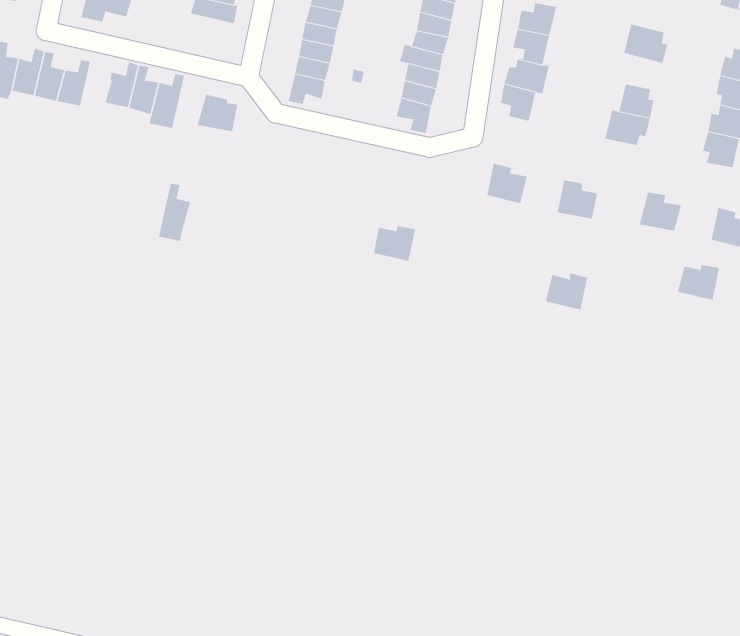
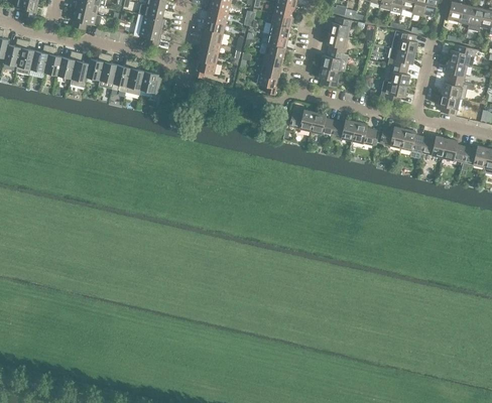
building: none -> [134,24,162,46]
building: none -> [387,47,414,69]
building: none -> [71,52,90,87]
building: [158,183,191,241] -> [126,60,145,95]
building: none -> [380,126,405,148]
building: [373,226,416,262] -> [289,110,315,131]
building: [677,264,720,300] -> [421,136,447,157]
building: [545,272,588,310] -> [331,119,356,141]

